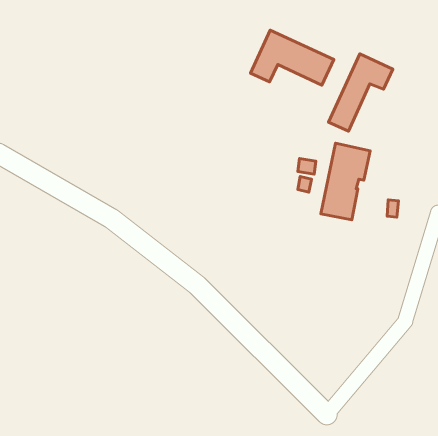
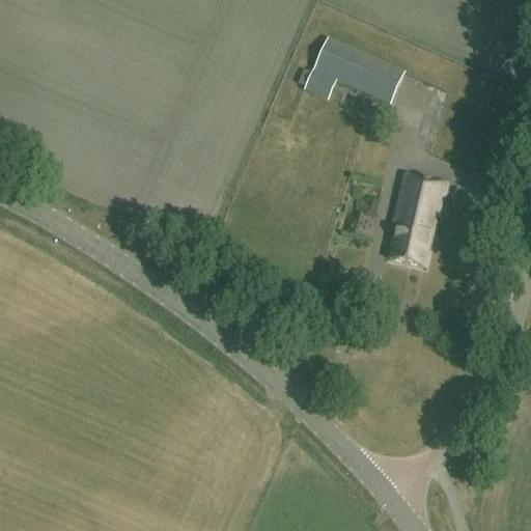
building: [328,54,393,131] -> none

